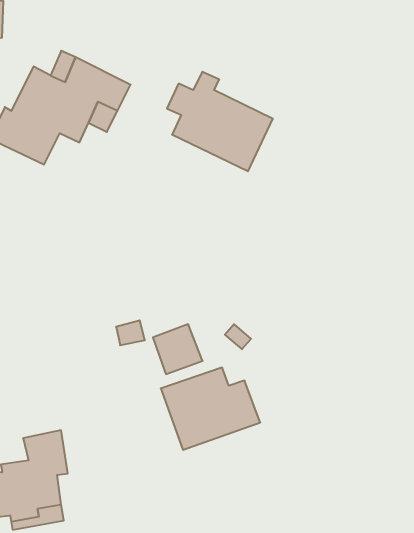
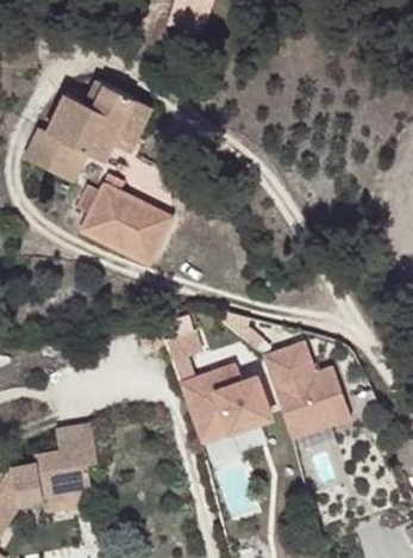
building: [167,72,273,171] -> [77,175,174,266]
building: none -> [263,343,350,439]

